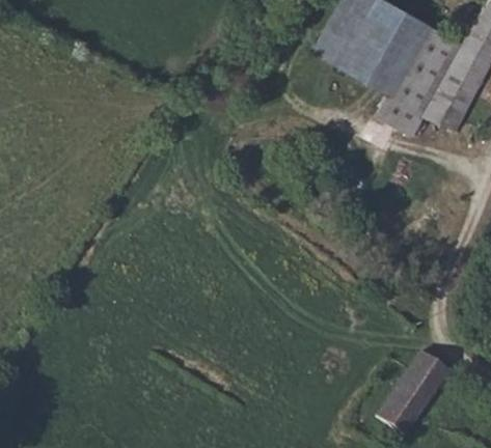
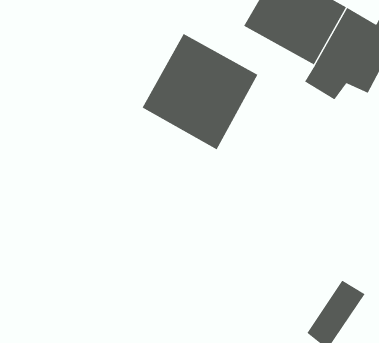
building: none -> [142,33,258,150]

